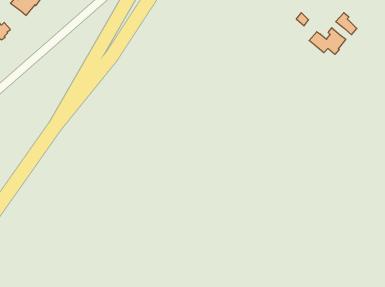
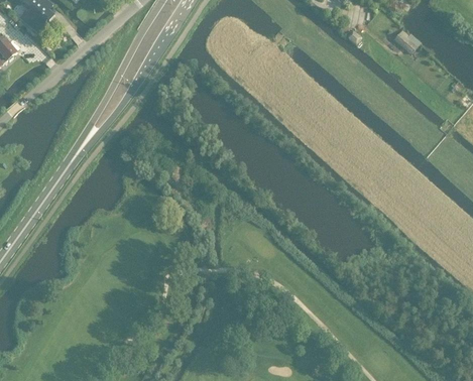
building: [309,28,346,54] -> none

